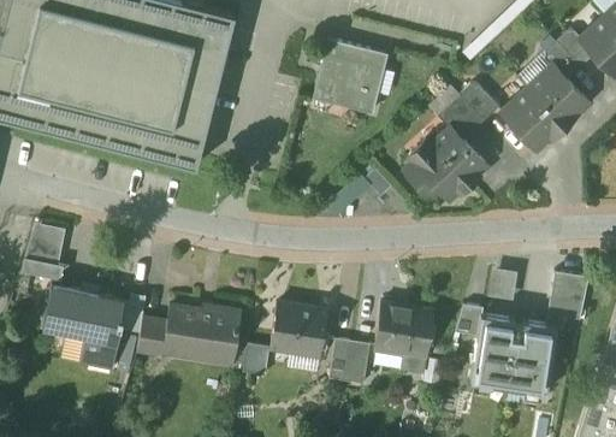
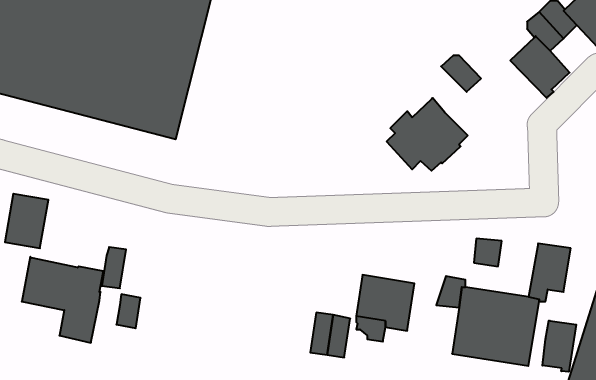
building: [314,39,387,113] -> none
building: [505,89,564,148] -> none
building: [438,95,485,141] -> none
building: [243,303,327,377] -> none
building: [165,305,241,364] -> none
building: none -> [542,321,576,372]

